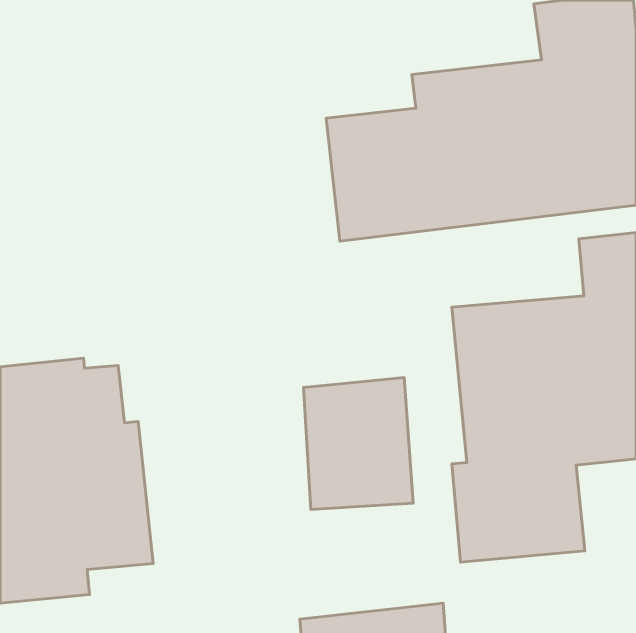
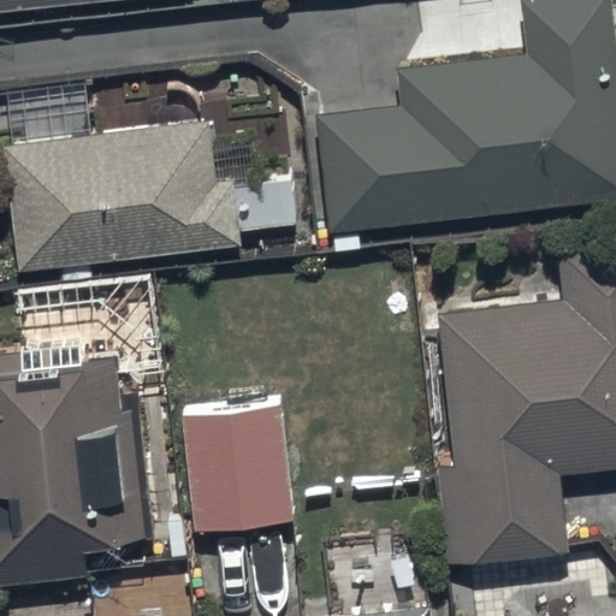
building: none -> [7,124,298,271]
building: [304,378,413,509] -> [185,390,291,517]

